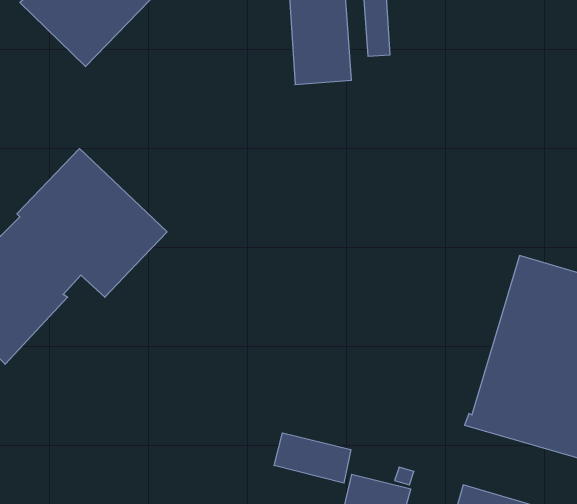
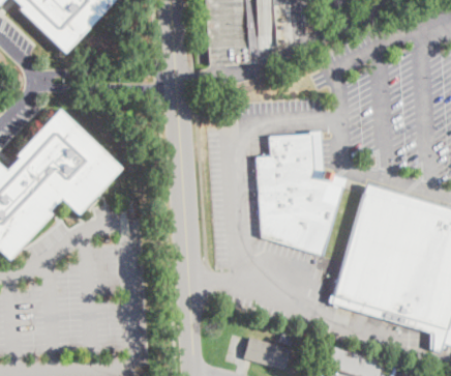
building: none -> [255,131,345,256]
building: [274,433,351,483] -> none

